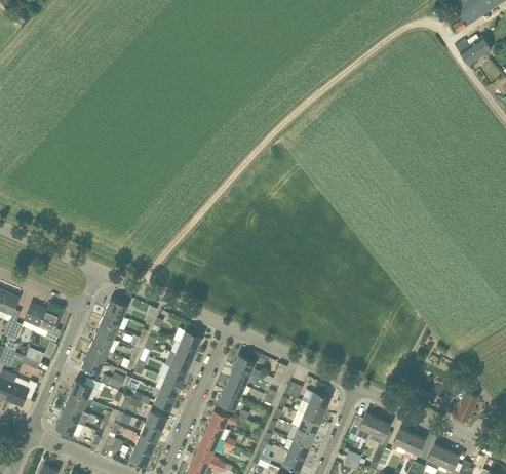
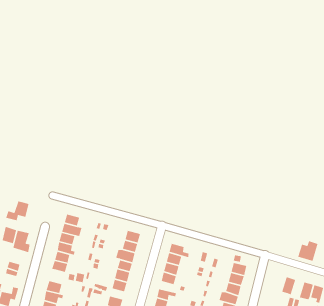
building: none -> [5,201,30,221]
building: [348,412,378,441] -> [297,240,319,262]

